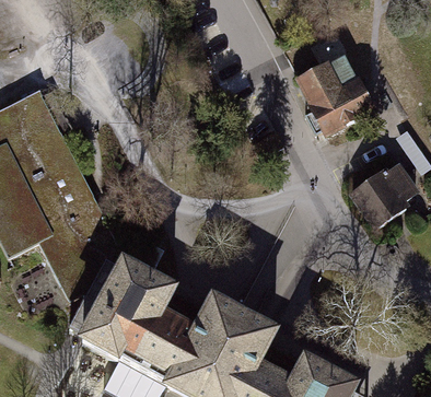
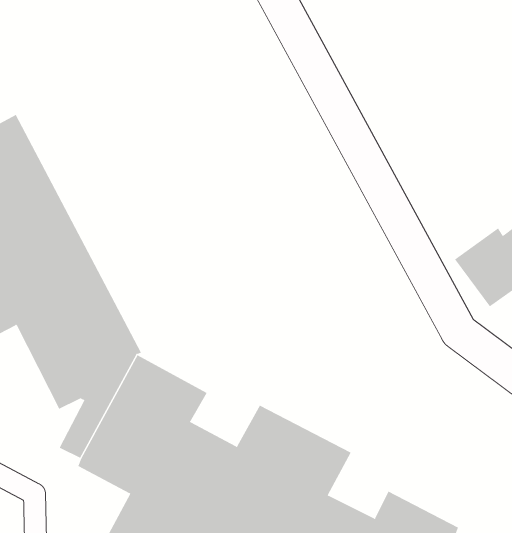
building: [298,52,372,130] -> none

